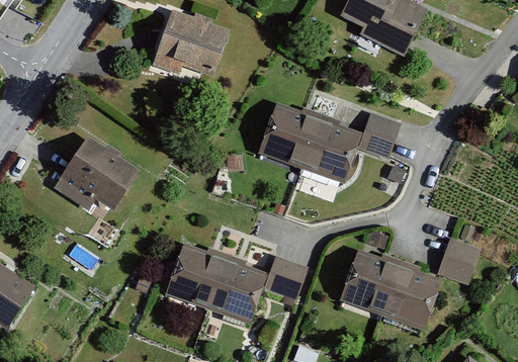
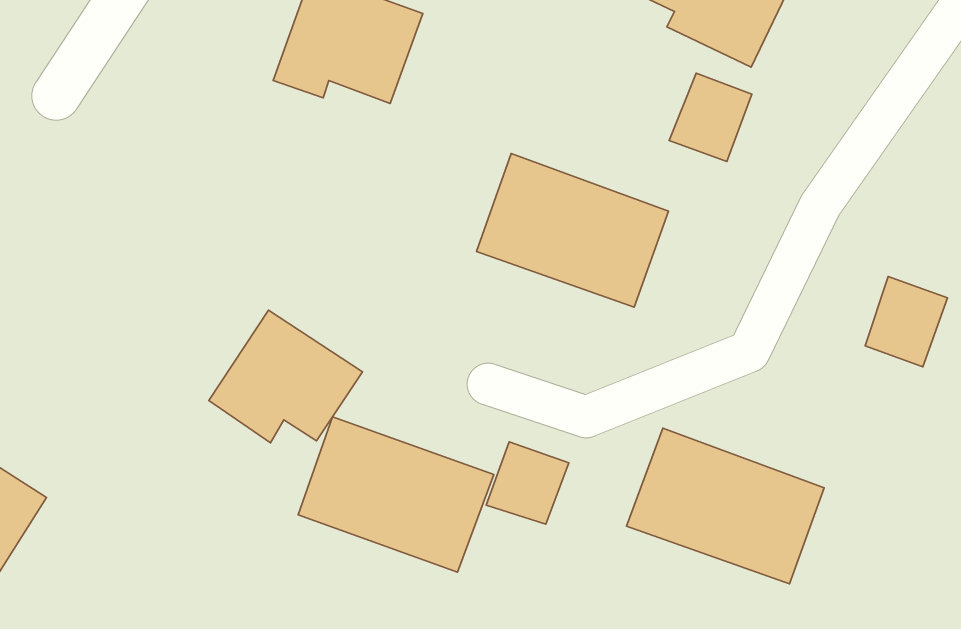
building: [357,109,401,156] -> [669,73,752,161]
building: [56,140,137,209] -> [209,310,363,443]
building: [437,237,481,284] -> [865,277,948,367]

